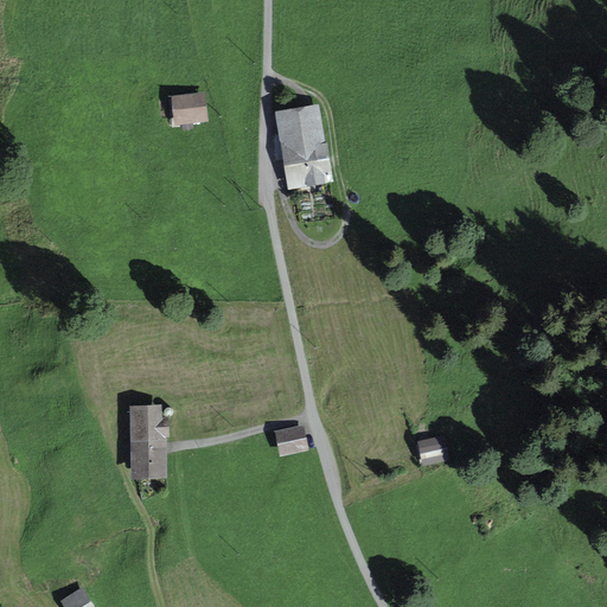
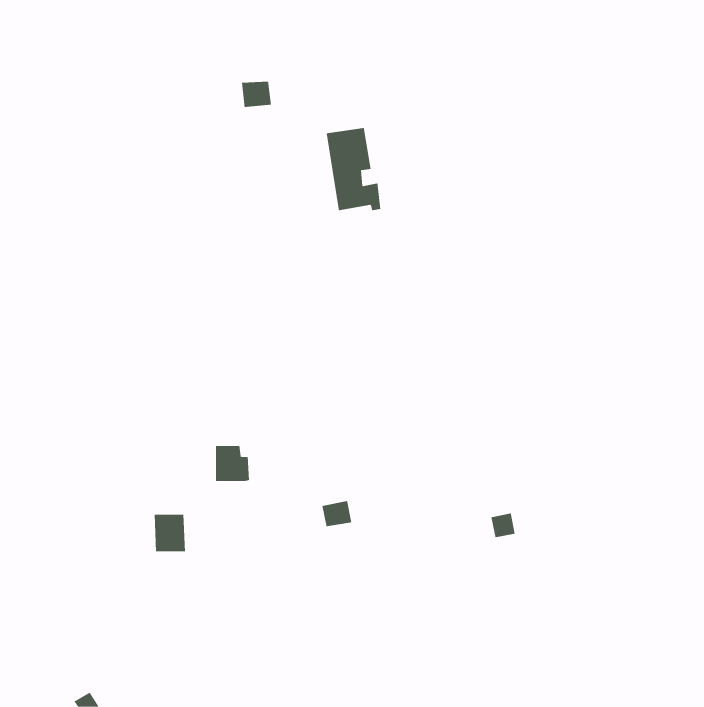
building: [173,96,199,119] -> [241,81,272,107]
building: [132,409,161,440] -> [215,445,250,481]

